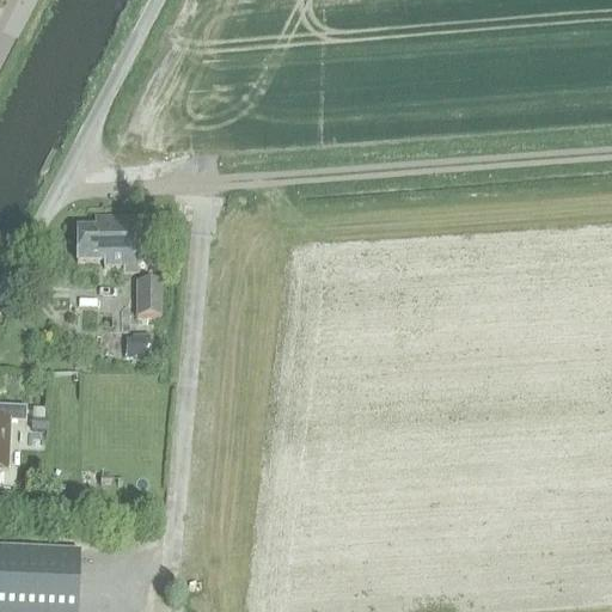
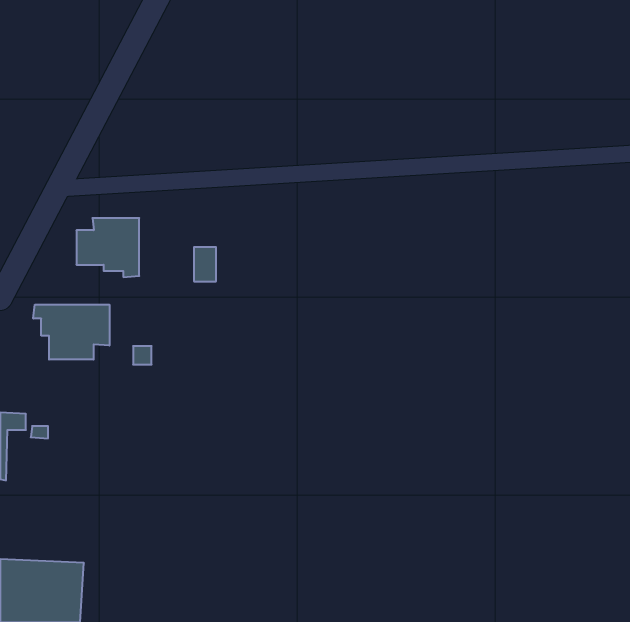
building: [135,277,157,311] -> [194,247,216,281]
building: none -> [33,305,109,360]

